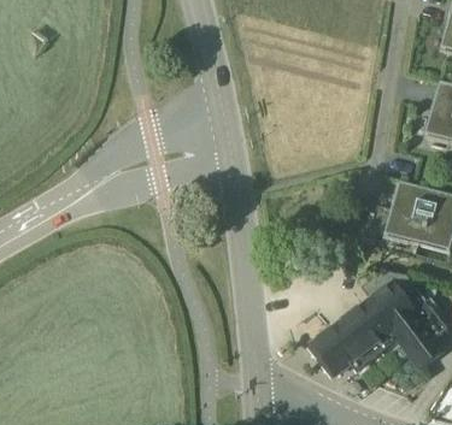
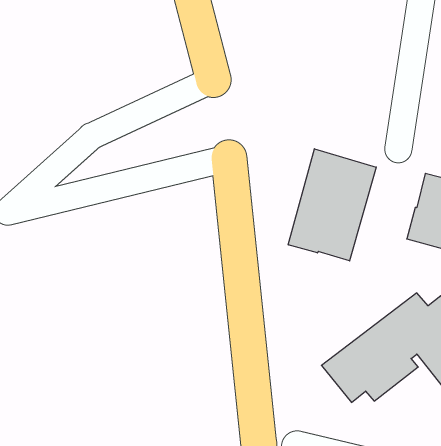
building: none -> [288,149,376,261]

